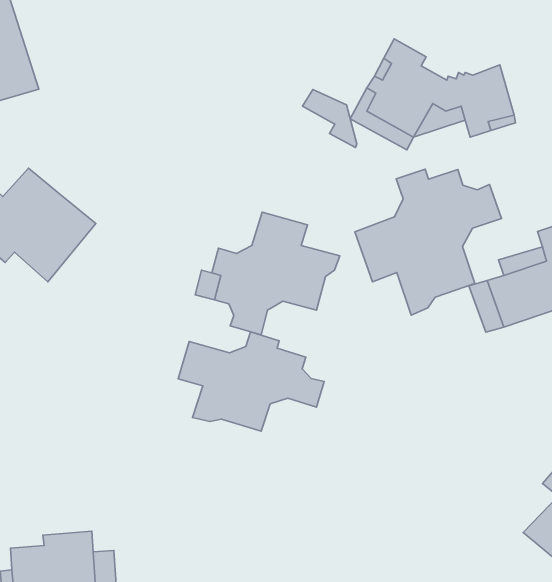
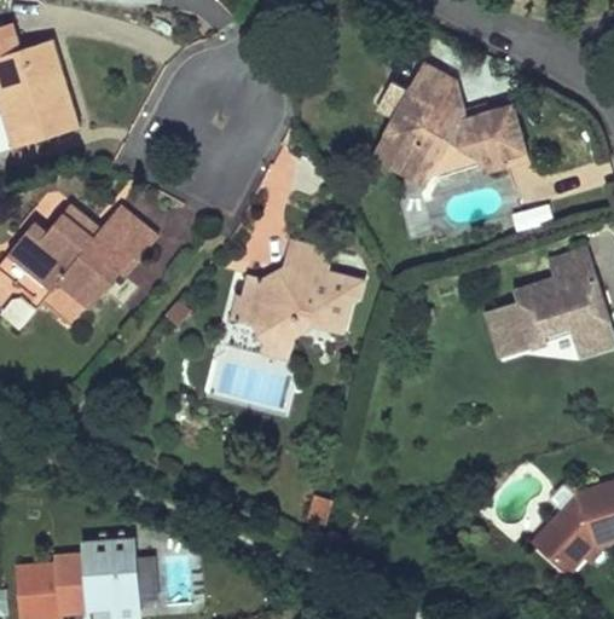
building: [302,89,357,148] -> [412,65,463,120]
building: none -> [99,201,158,259]
building: [355,169,502,315] -> none
building: [178,332,324,431] -> none

